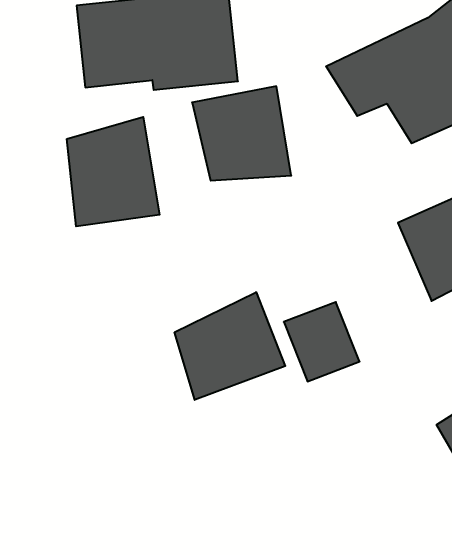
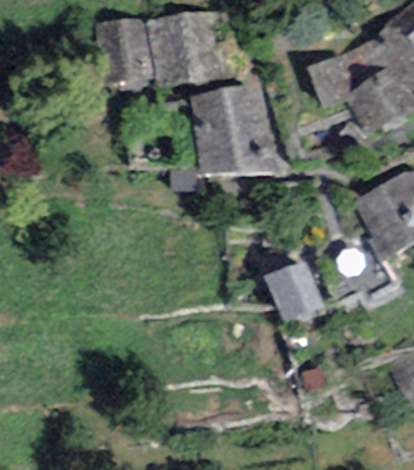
building: [67,117,160,226] -> none
building: [175,292,285,400] -> none

